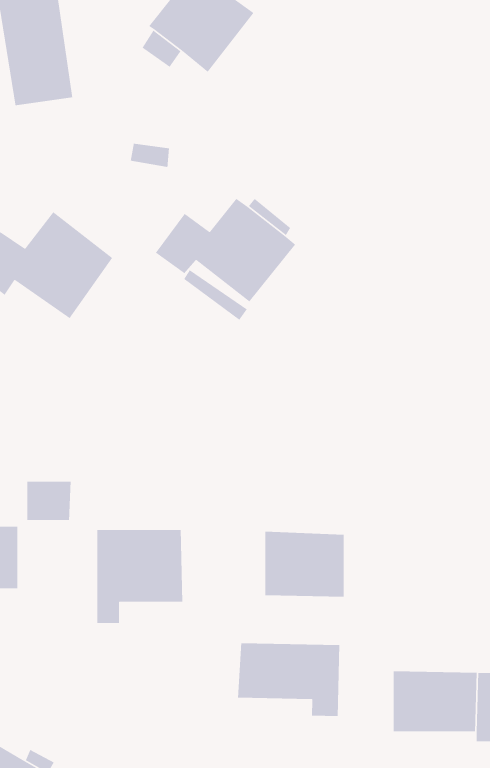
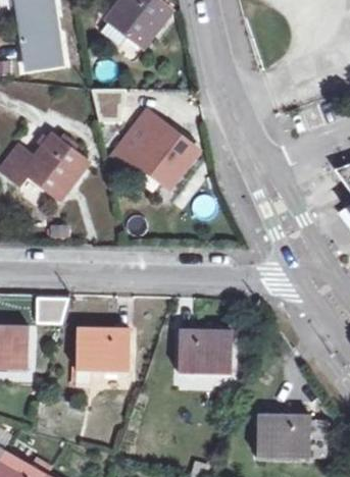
building: [237,642,340,717] -> none

